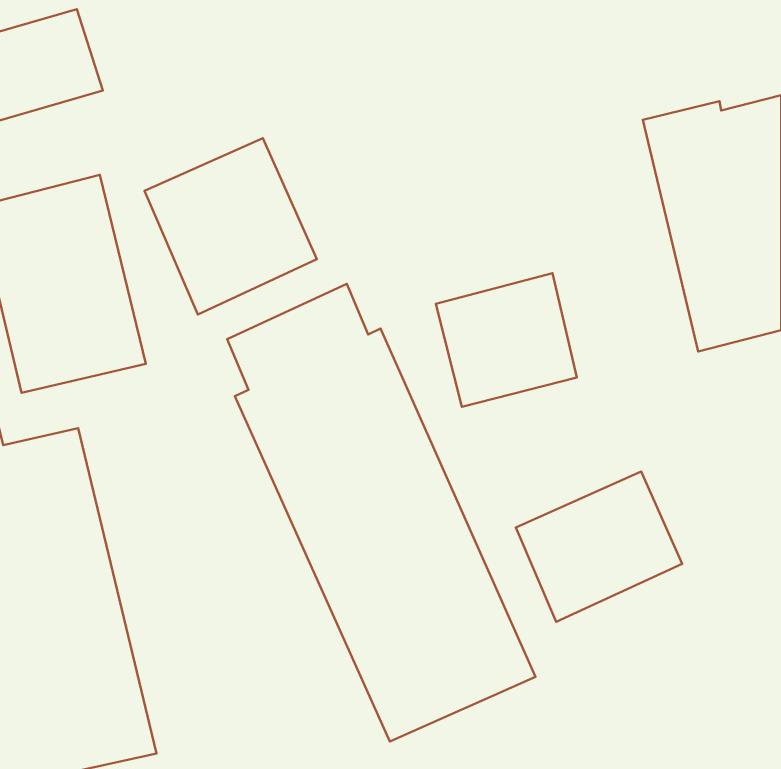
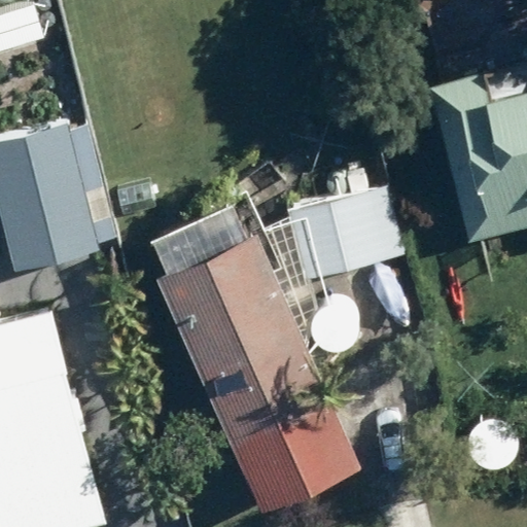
building: [144,138,317,315] -> none
building: [516,472,682,622] -> none

